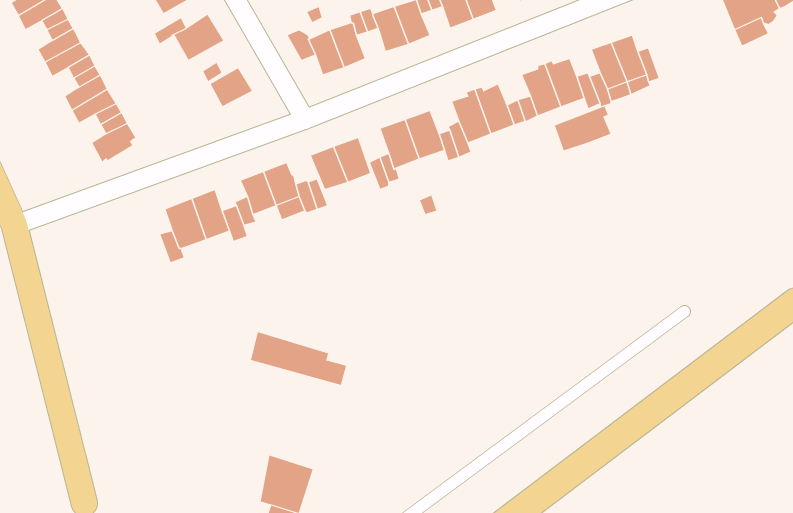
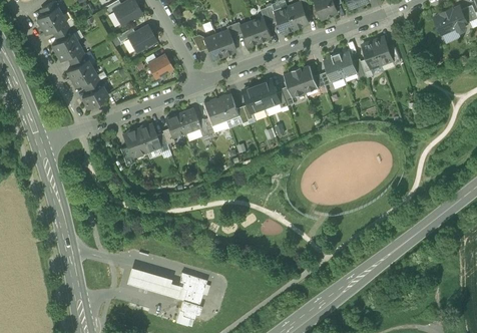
building: [554,105,611,151] -> none
building: [250,332,347,385] -> [126,267,180,297]

